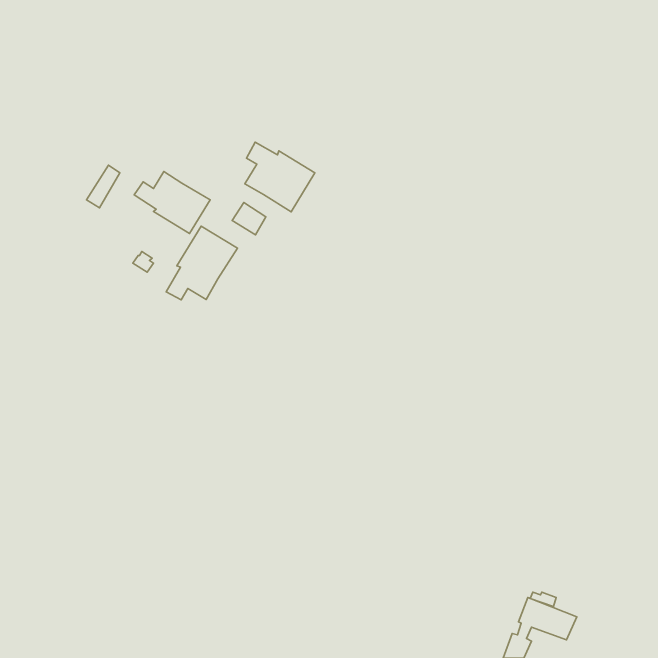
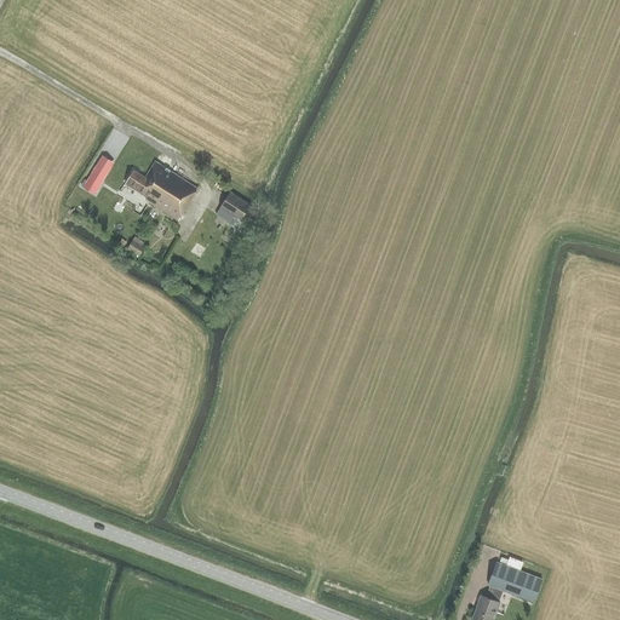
building: [245,142,315,212] -> none
building: [166,226,237,300] -> none

